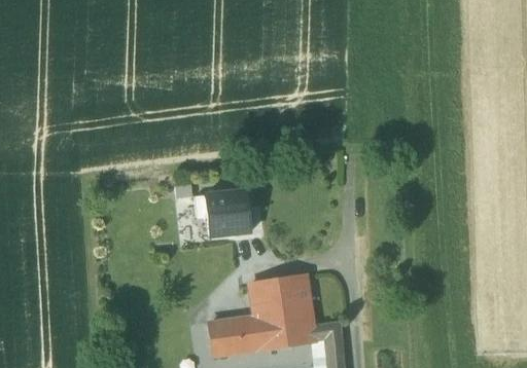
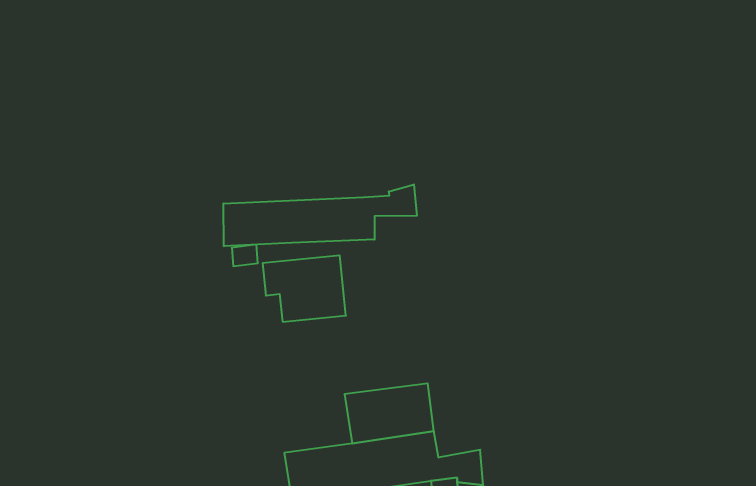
building: none -> [223,184,417,246]

